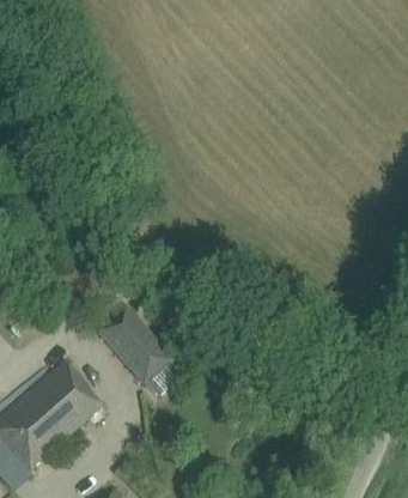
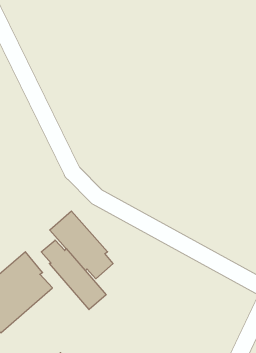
building: none -> [41,240,106,310]

